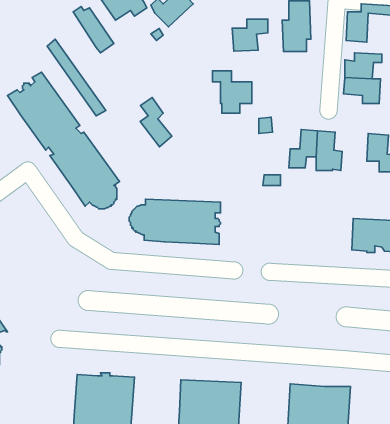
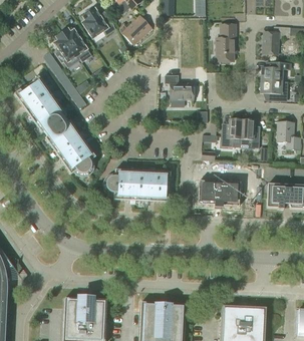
building: none -> [52,30,78,66]
building: [232,19,268,51] -> none
building: [140,98,172,147] -> none
building: none -> [198,181,240,206]

